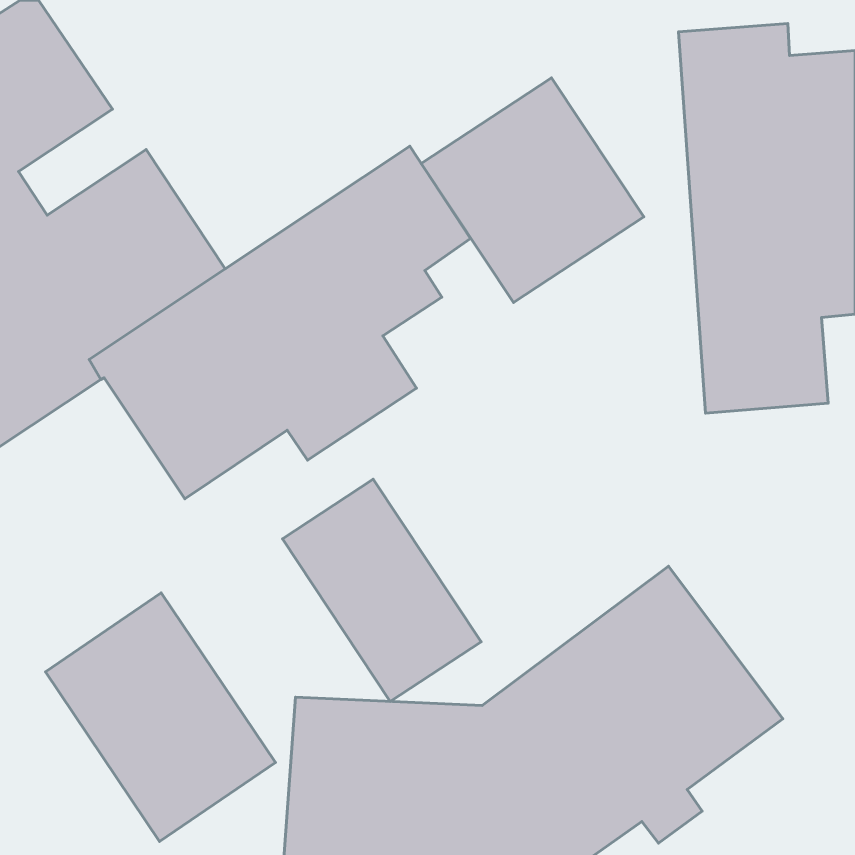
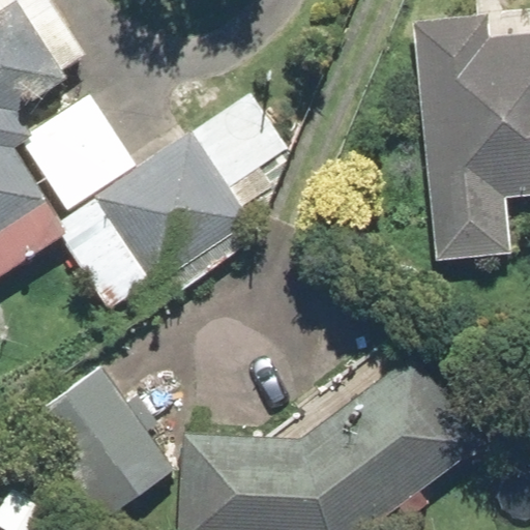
building: [421,78,644,303] -> none
building: [282,479,481,701] -> none

